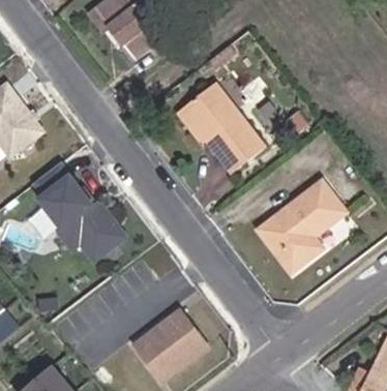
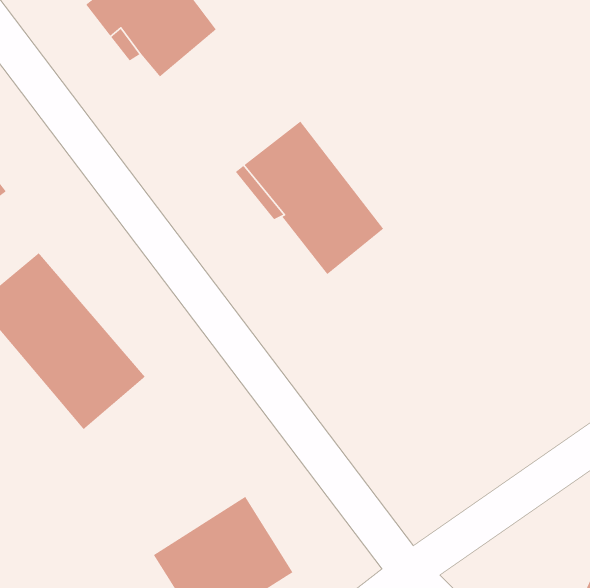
building: [258,187,341,275] -> none

